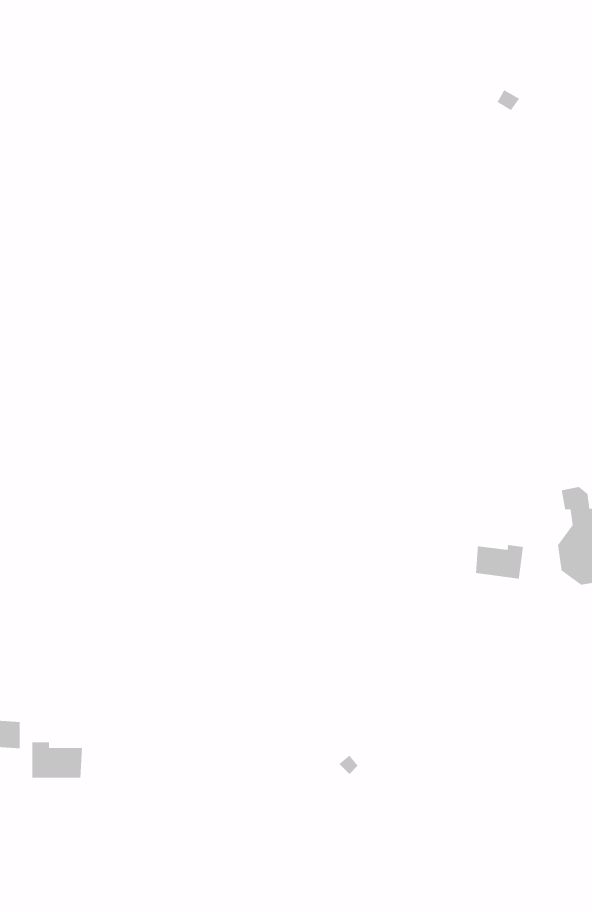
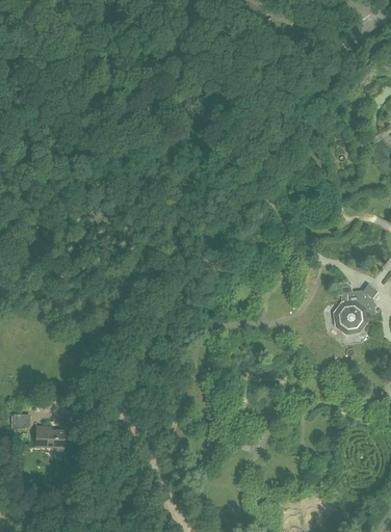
building: [475,544,524,579] -> none

